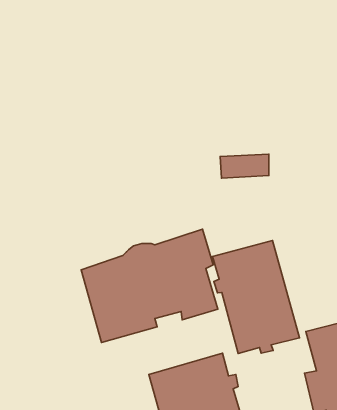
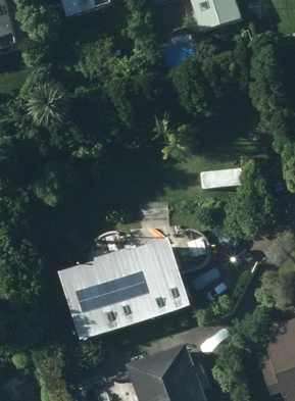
building: [213,241,300,354] -> none

